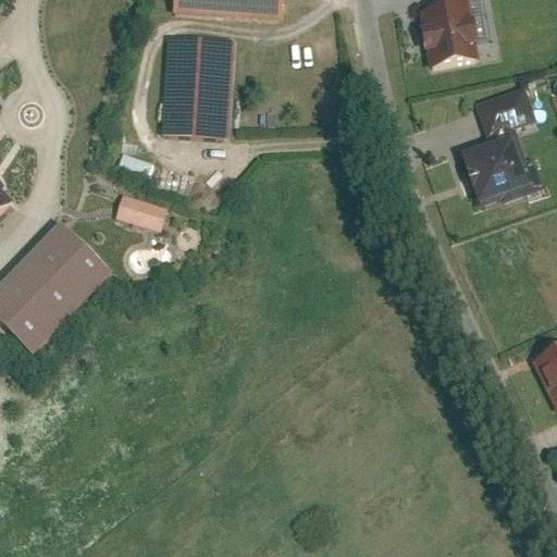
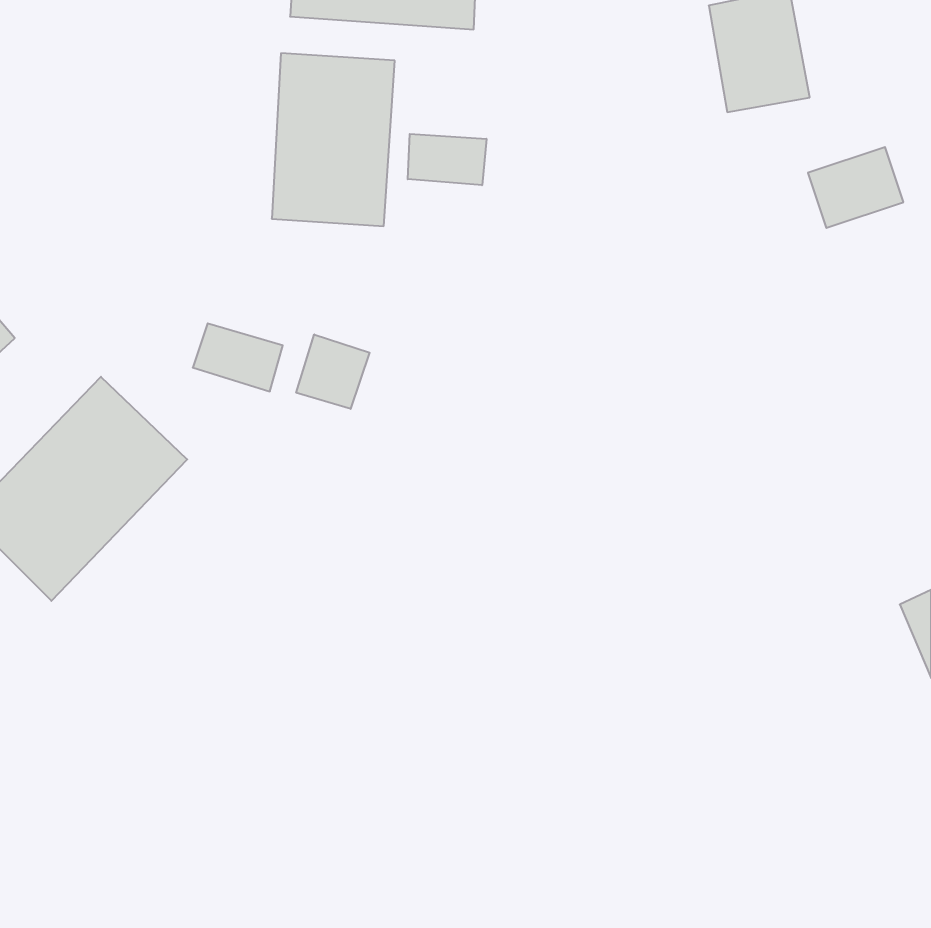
building: none -> [408,134,486,185]
building: [457,133,537,202] -> none
building: none -> [296,334,370,409]

